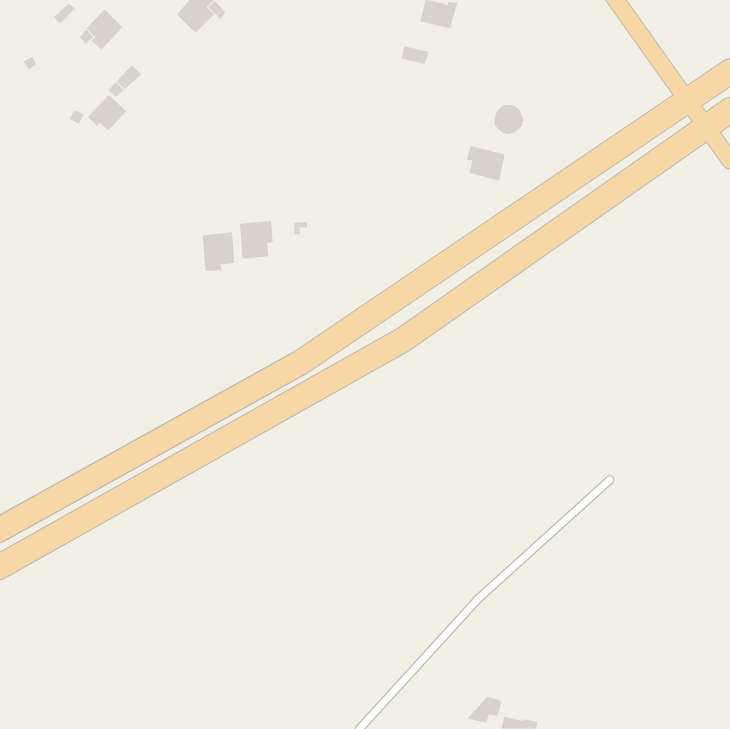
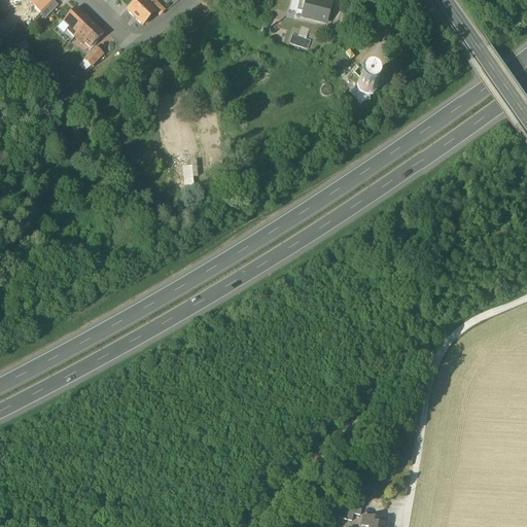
building: [87,94,127,131] -> [73,20,102,46]
building: [466,145,505,181] -> none
building: [202,231,235,272] -> none

